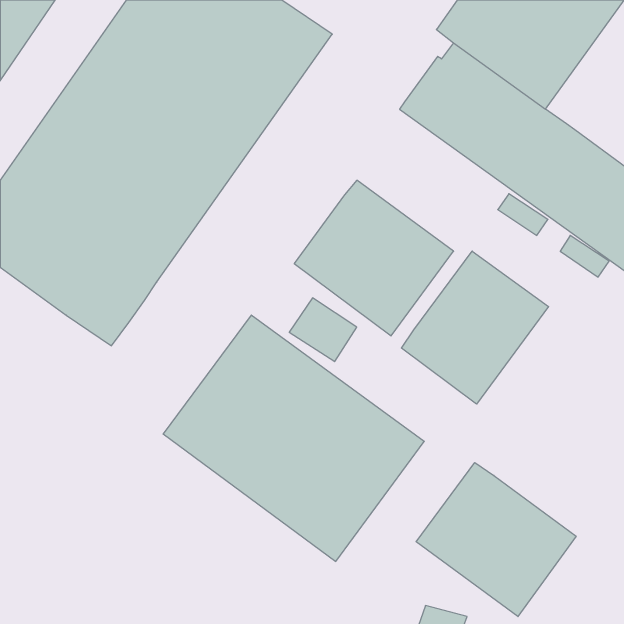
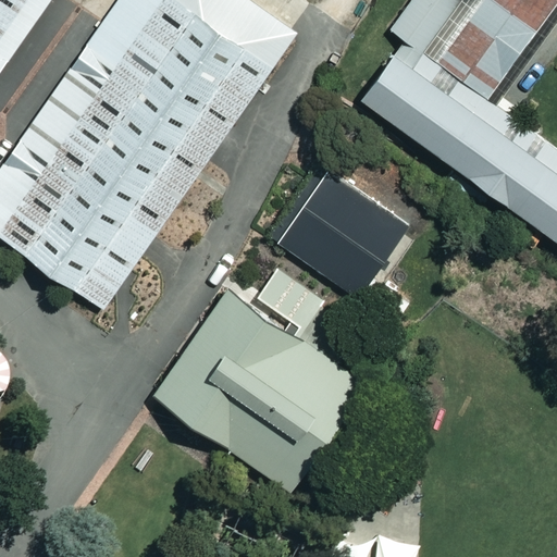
building: [401,251,549,404] -> none
building: [416,463,576,617] -> none

